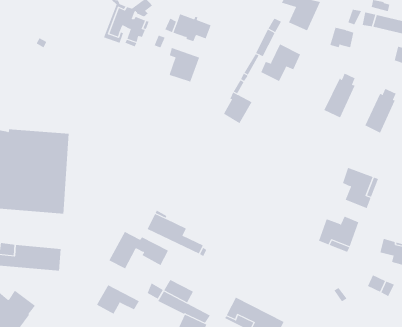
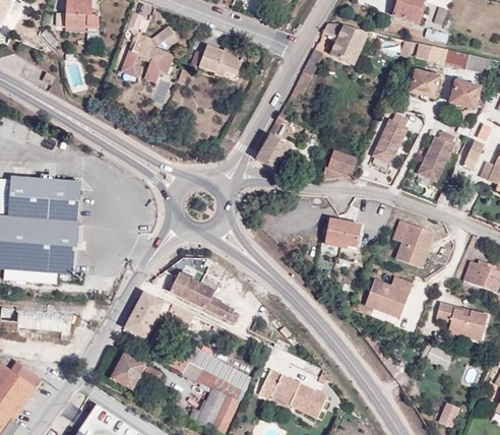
building: [329,27,354,48] -> [410,71,438,95]
building: [260,44,301,82] -> none
building: [169,47,200,82] -> none
building: none -> [321,148,358,179]
building: none -> [324,219,360,246]
building: none -> [215,362,253,391]

